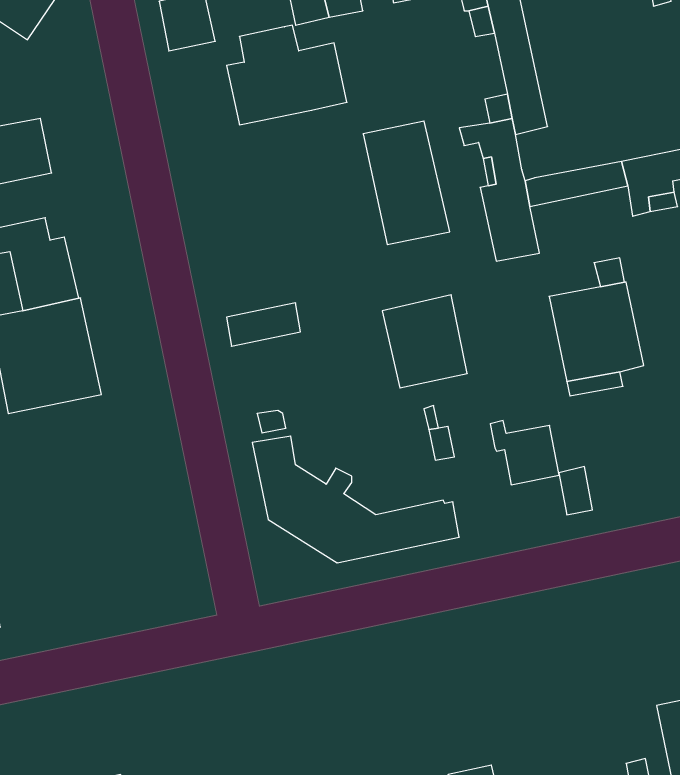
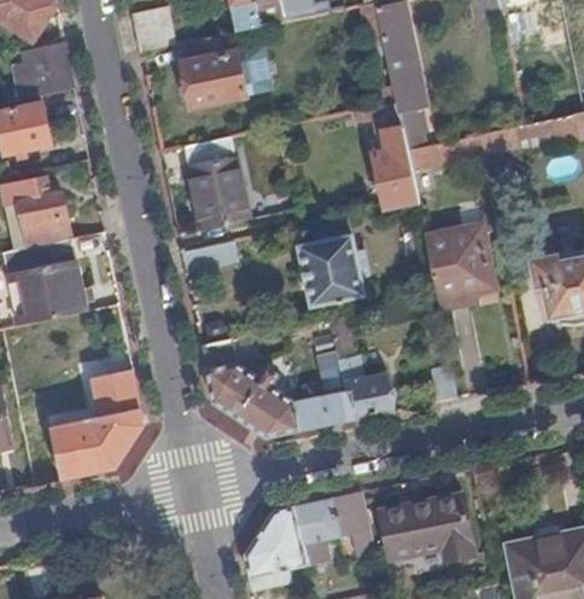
building: none -> [17,43,75,98]
building: [363,121,450,245] -> [183,136,249,229]
building: [490,421,559,485] -> [341,368,393,417]
building: none -> [52,371,144,478]
building: none -> [244,490,369,591]
building: none -> [381,495,474,574]

